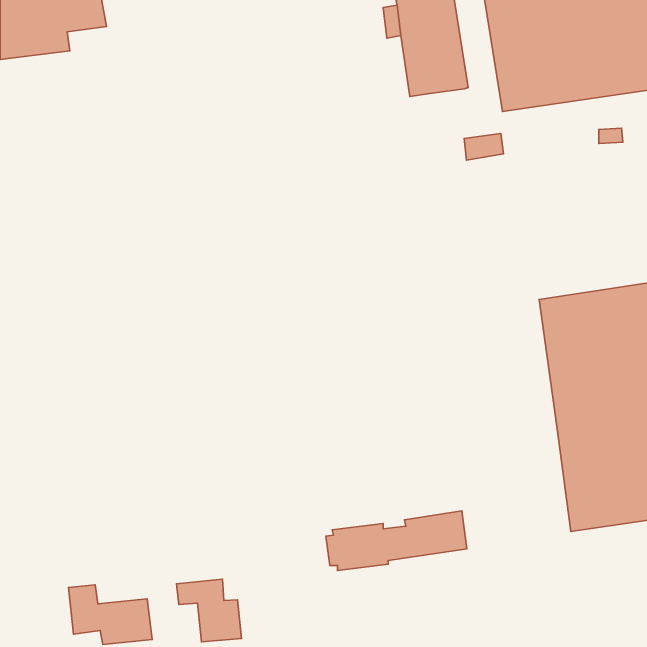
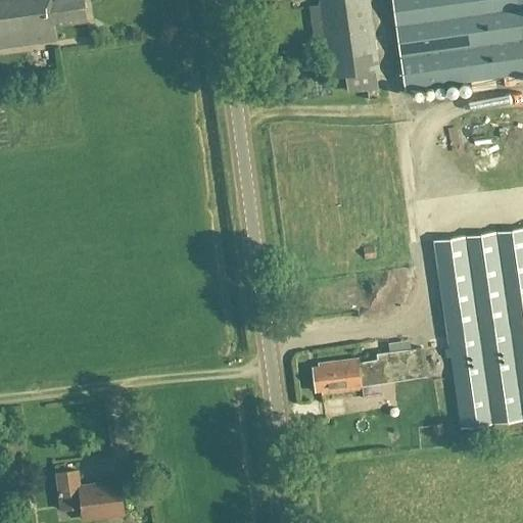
building: [464,134,503,160] -> [345,72,377,93]
building: [326,511,467,571] -> [313,347,426,395]
building: [177,579,242,642] -> none

